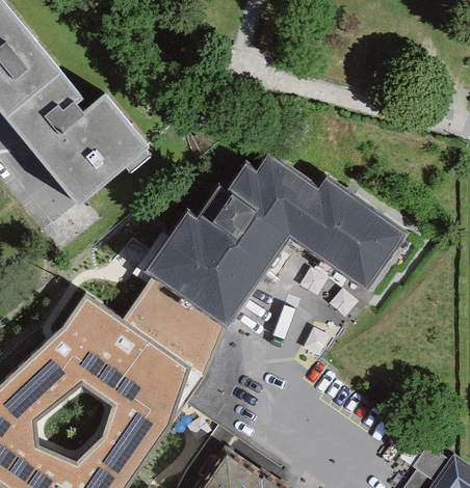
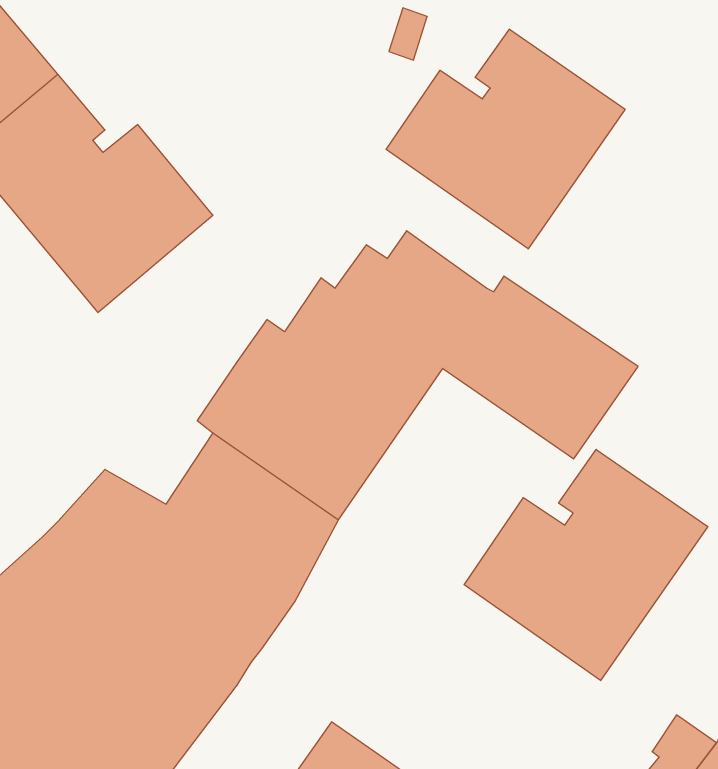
building: none -> [386,29,625,249]
building: none -> [464,449,708,681]

